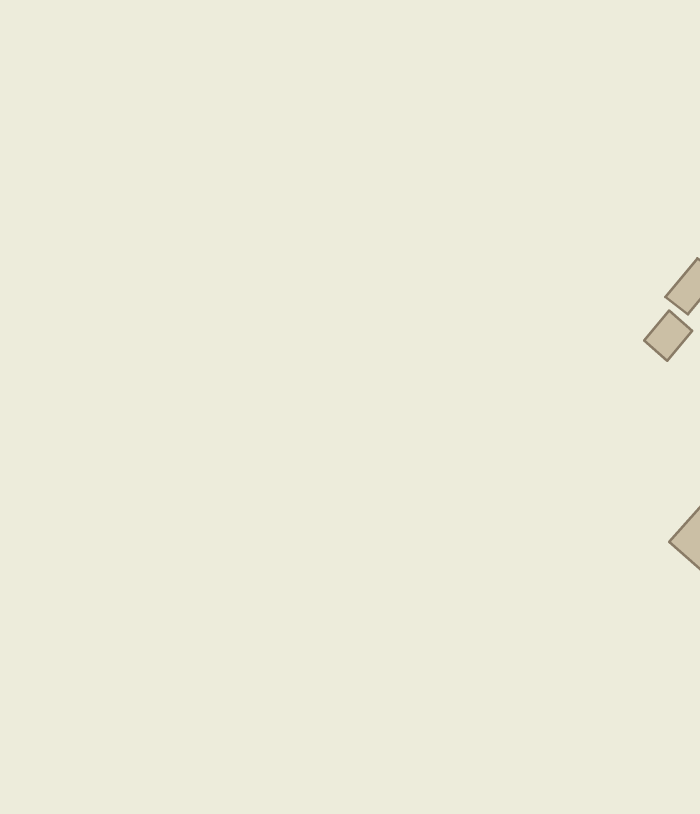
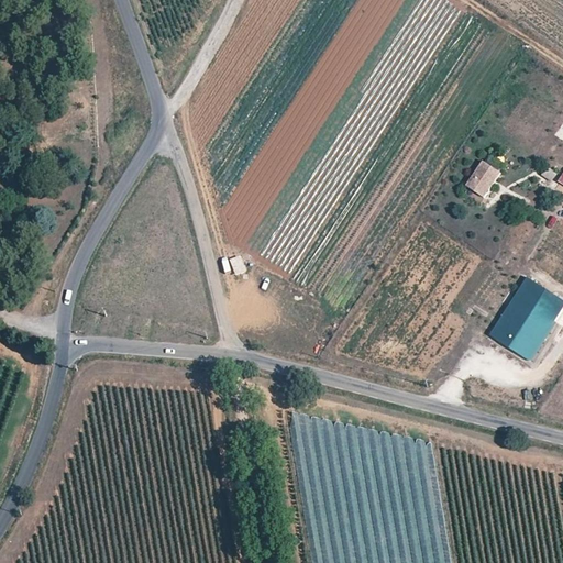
building: [644,311,692,361] -> none

